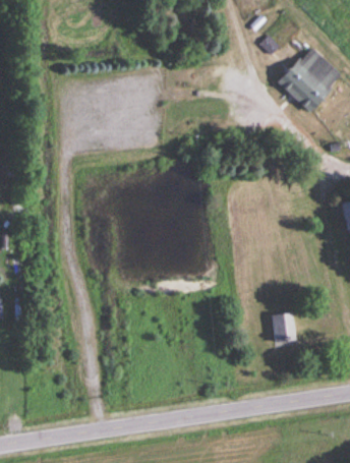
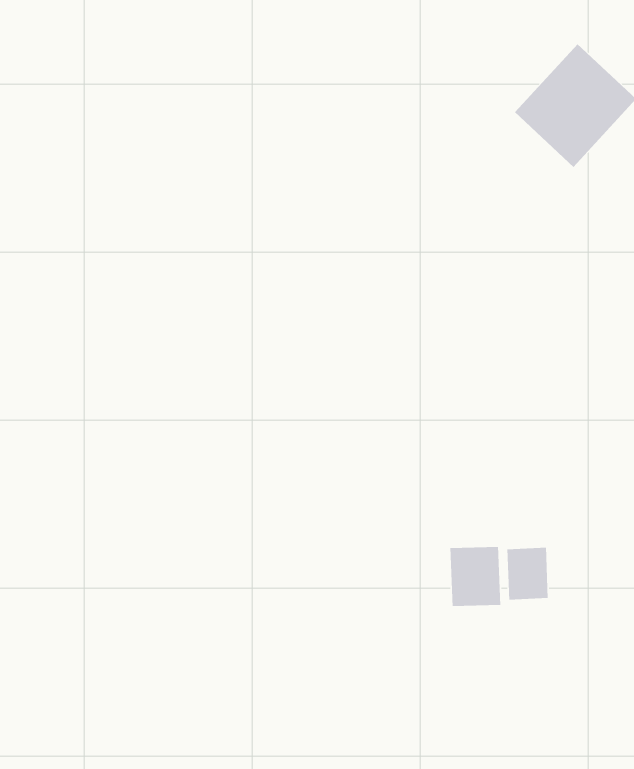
building: none -> [450,546,501,607]

